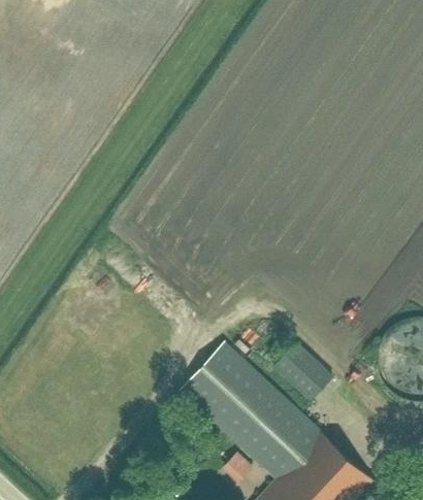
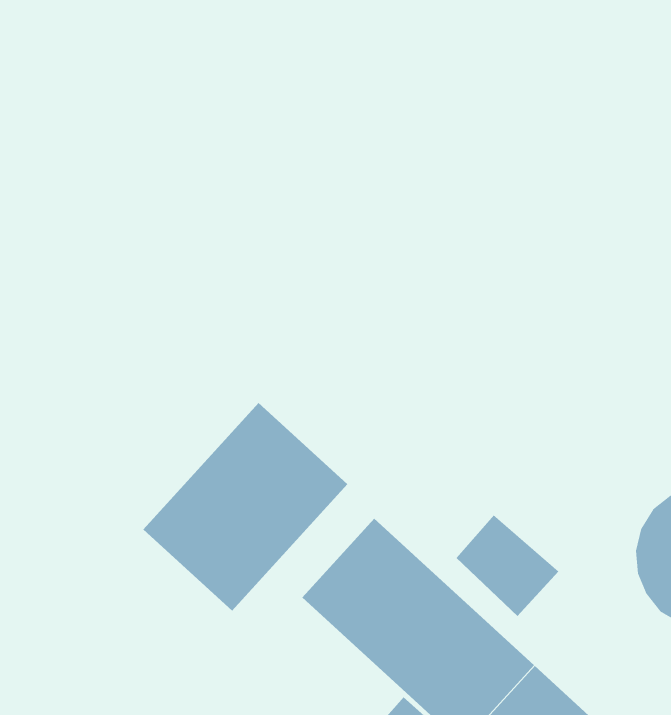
building: none -> [142,402,348,611]

